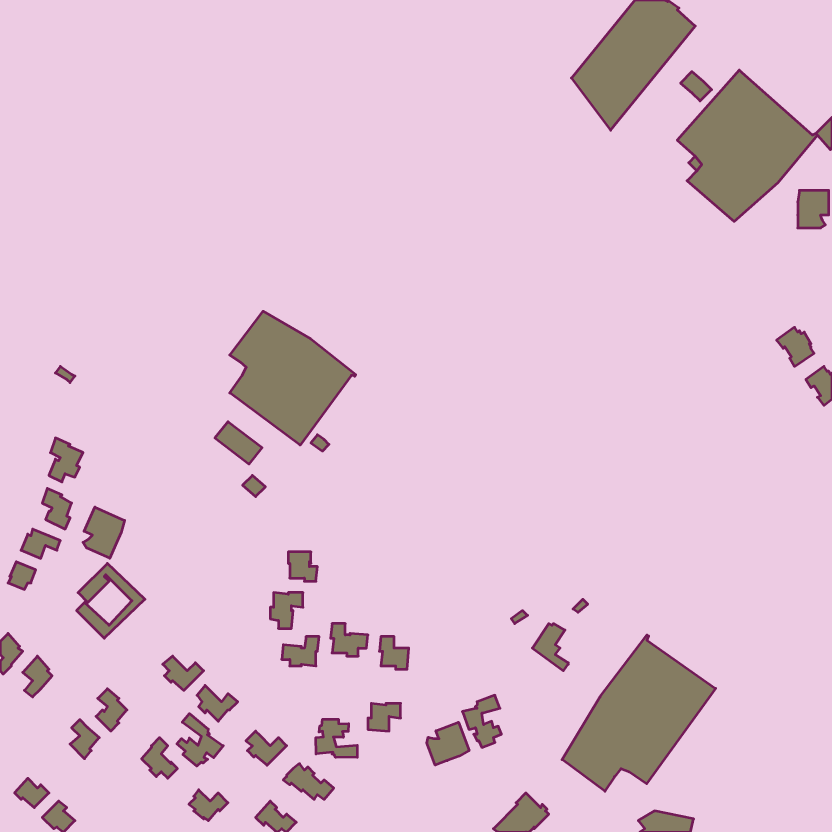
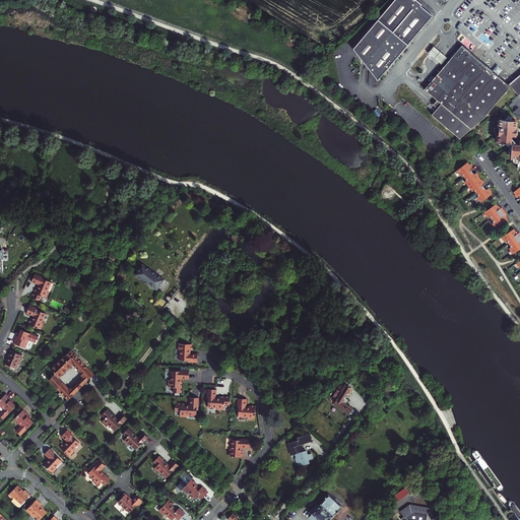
building: none -> [457,162,492,202]
building: [230,311,356,445] -> none
building: [83,507,125,558] -> none
building: [562,635,716,791] -> none
building: [177,714,223,766] -> none
building: [316,719,357,757] -> none
building: [427,722,469,765] -> none

